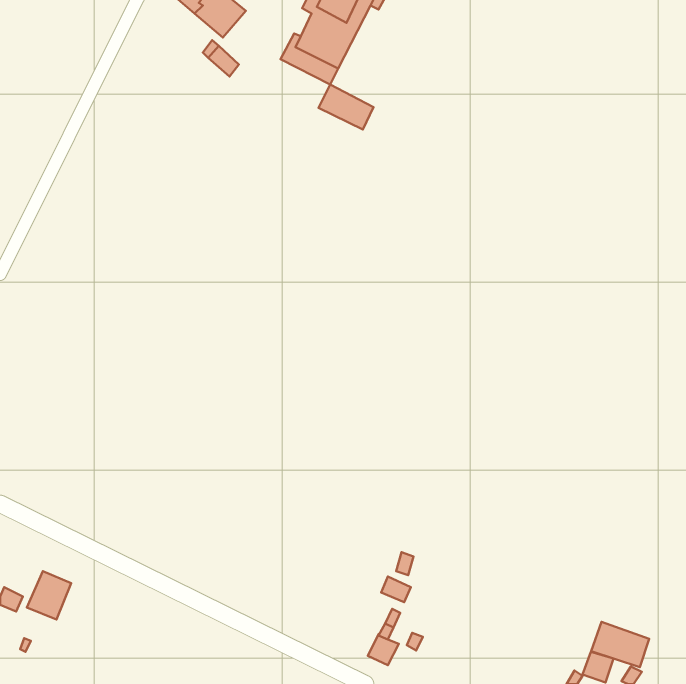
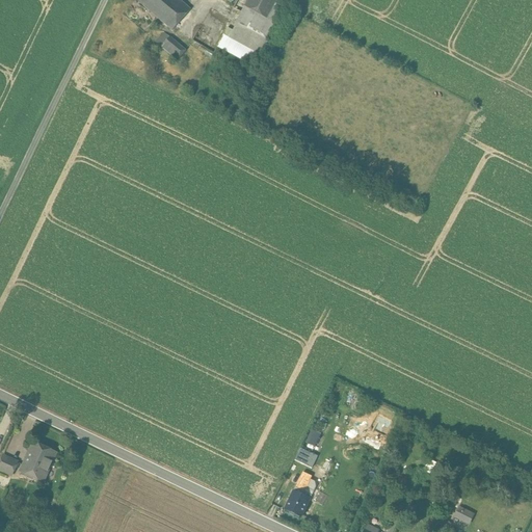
building: [318,85,374,129] -> none
building: [591,622,649,667] -> none

